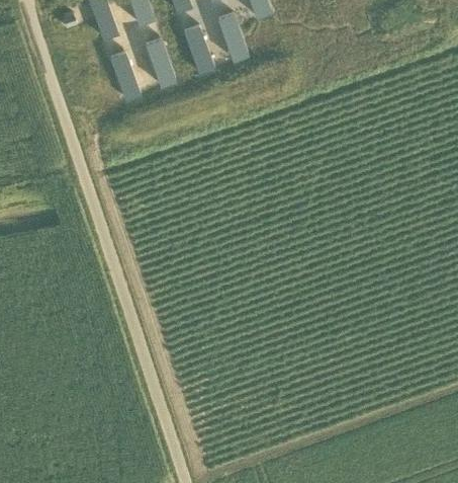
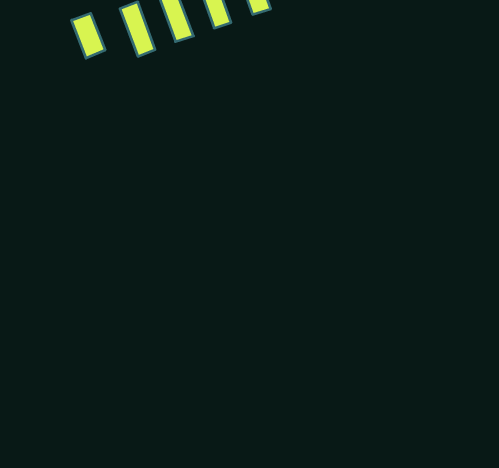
building: none -> [72,13,105,58]

